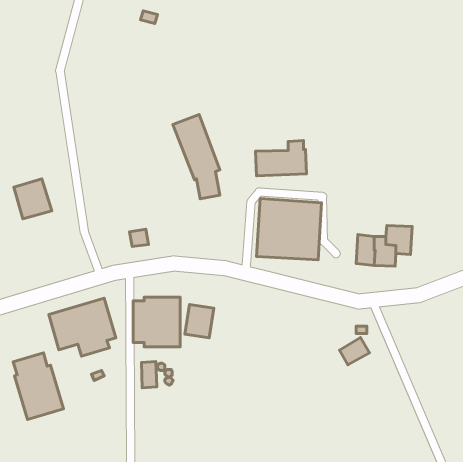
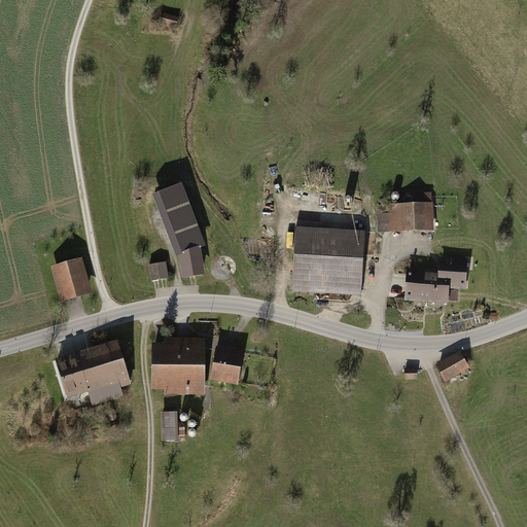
building: [173,114,220,199] -> [151,182,205,278]
building: [256,140,306,176] -> [377,191,434,232]
building: [14,179,52,219] -> [50,256,94,302]
building: [340,338,370,365] -> [436,350,470,381]
building: [13,353,63,420] -> none

